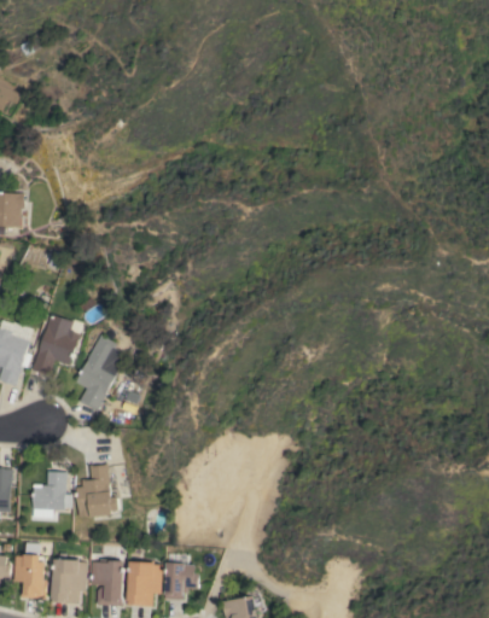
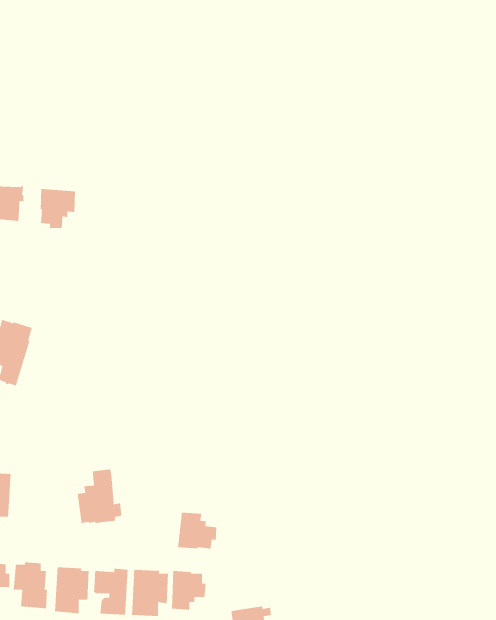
building: none -> [40,188,76,229]
building: [31,313,83,375] -> none
building: [76,334,122,410] -> none
building: [33,471,74,518] -> none
building: none -> [177,512,217,549]

